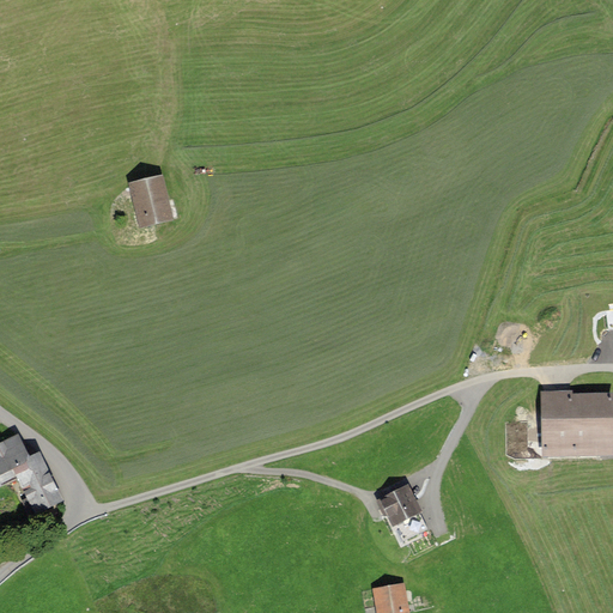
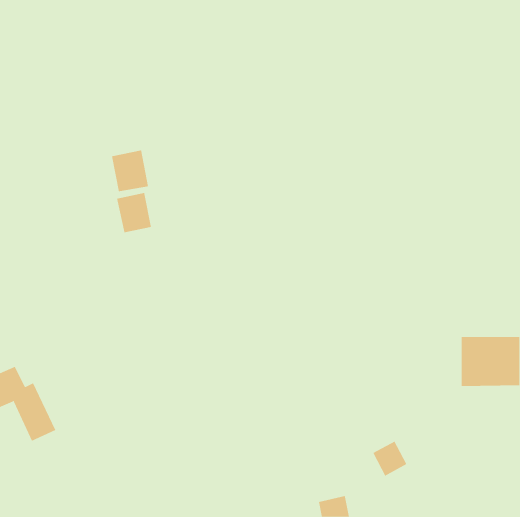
building: none -> [116,192,151,233]
building: [377,480,418,522] -> [372,441,407,476]

